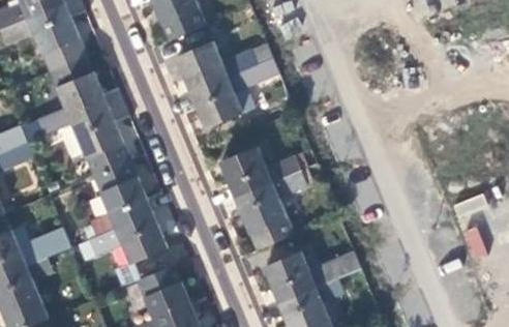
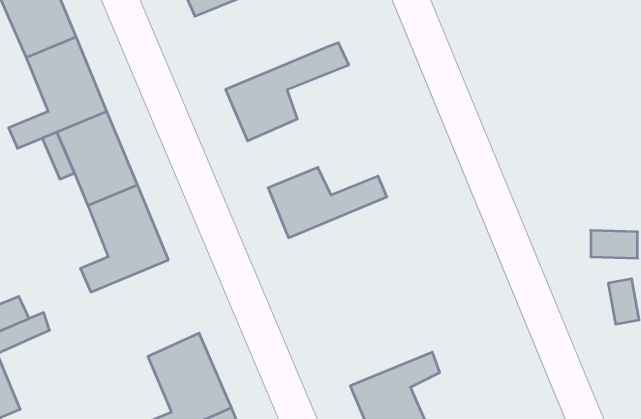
building: [175,42,262,92] -> none
building: [235,168,310,249] -> none
building: [88,212,166,262] -> none
building: [264,251,358,301] -> none

